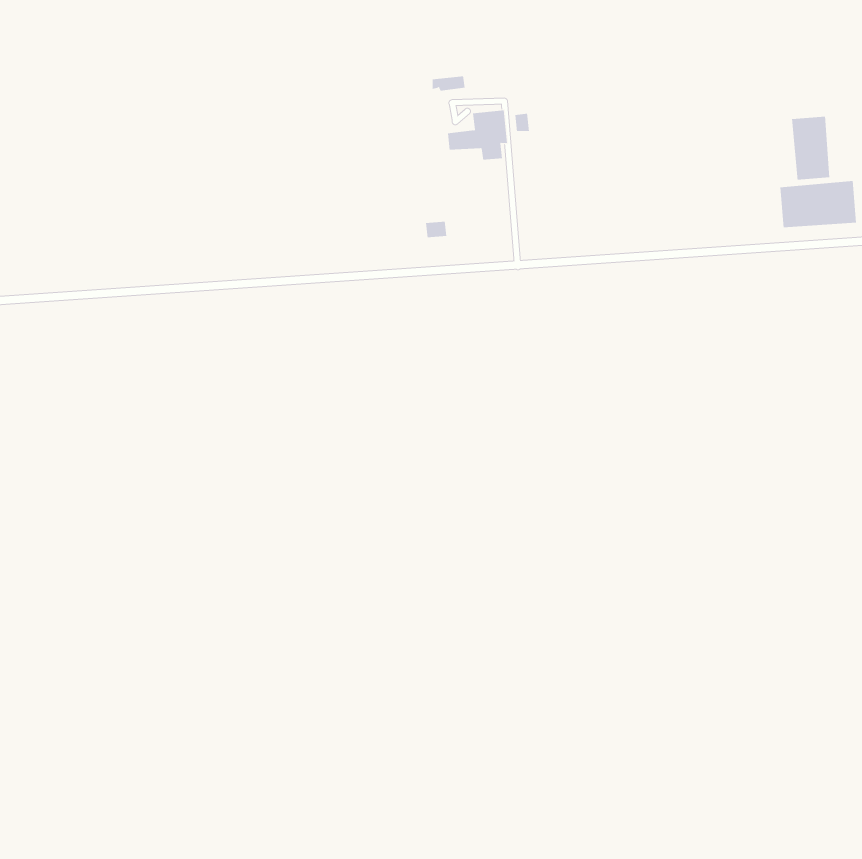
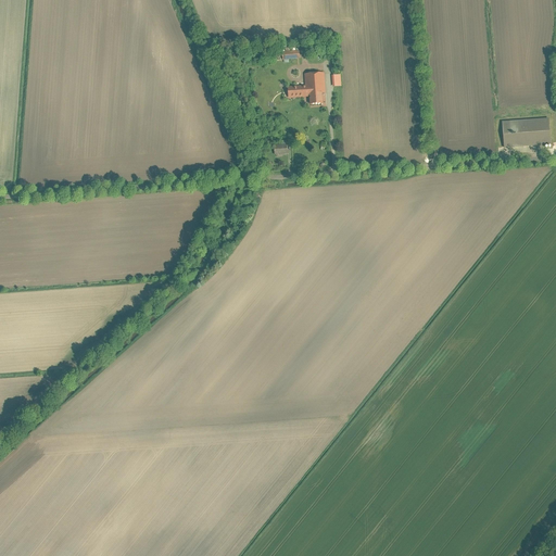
building: [791,116,830,180] -> none

